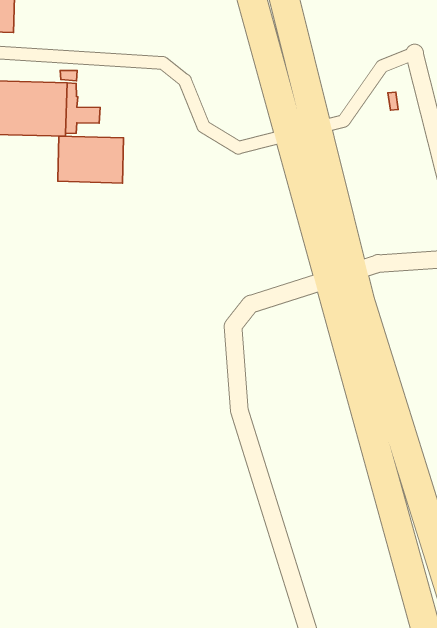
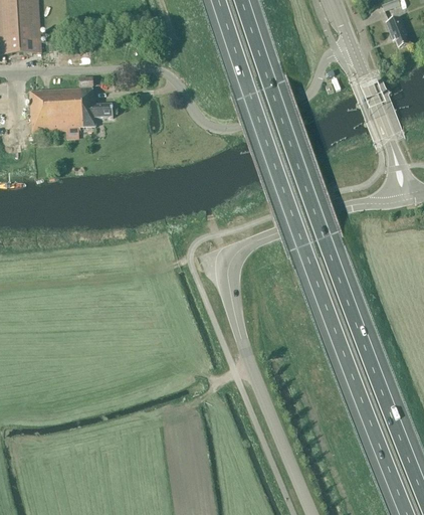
building: [58,136,124,183] -> none

